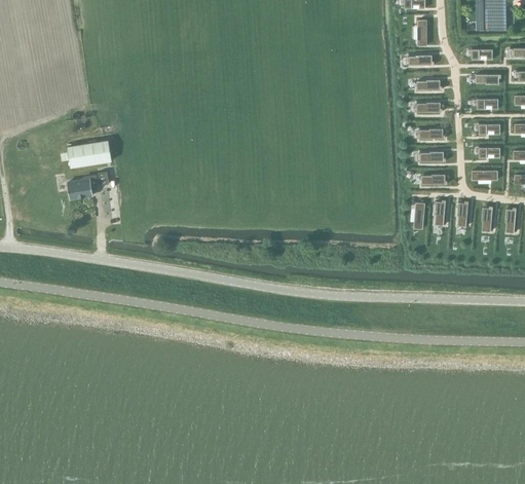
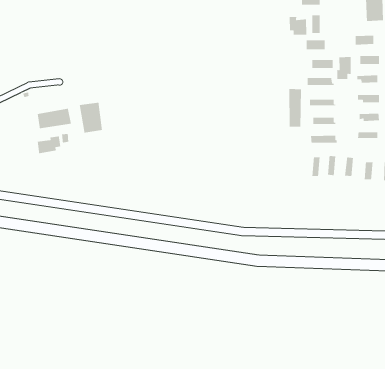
building: none -> [289,16,307,35]
building: none -> [336,56,351,80]
building: none -> [289,88,302,128]
building: none -> [79,102,103,133]

